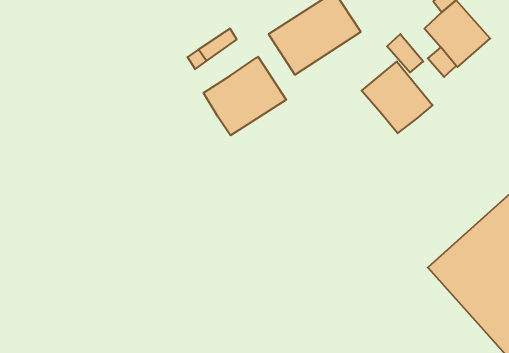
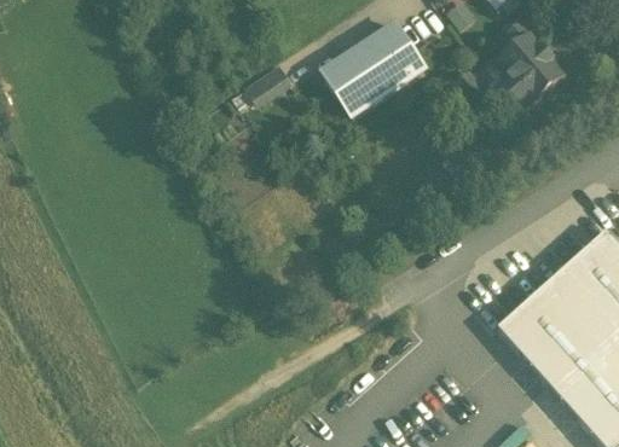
building: [204,57,286,135] -> none
building: [362,61,433,133] -> none

